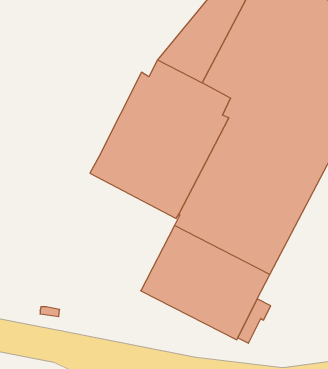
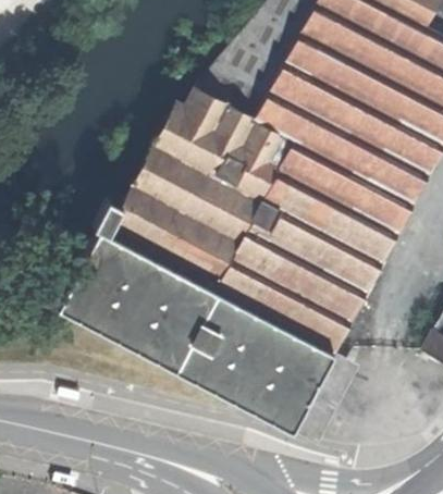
building: none -> [61,198,225,369]

